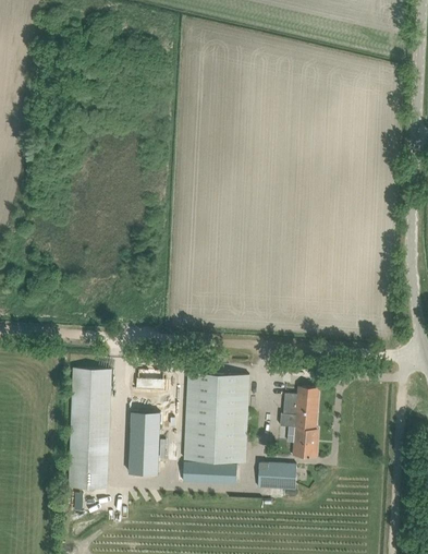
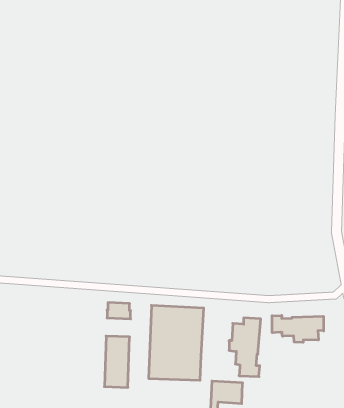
building: [68,368,111,489] -> none
building: none -> [272,315,324,342]
building: [182,461,236,485] -> none

